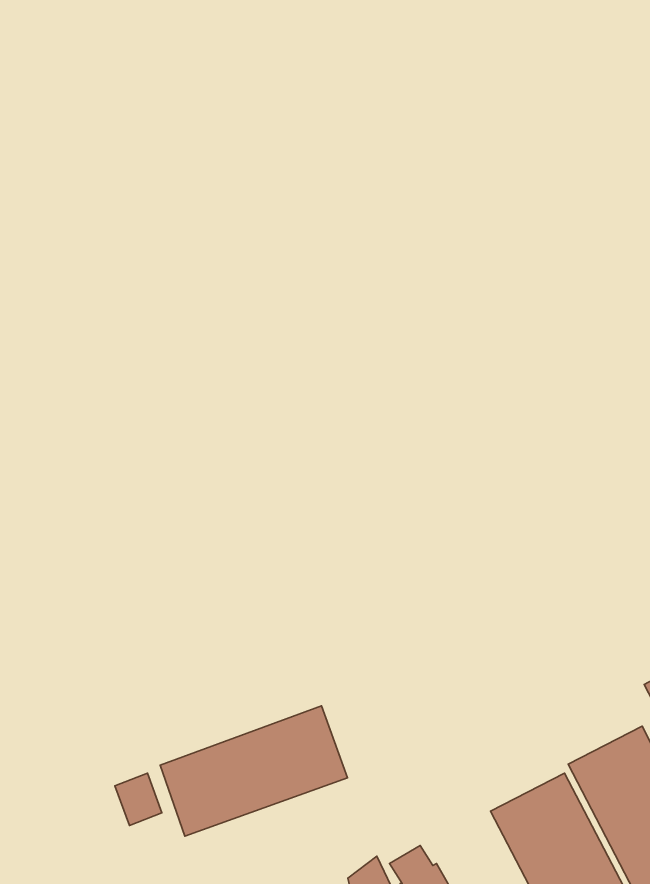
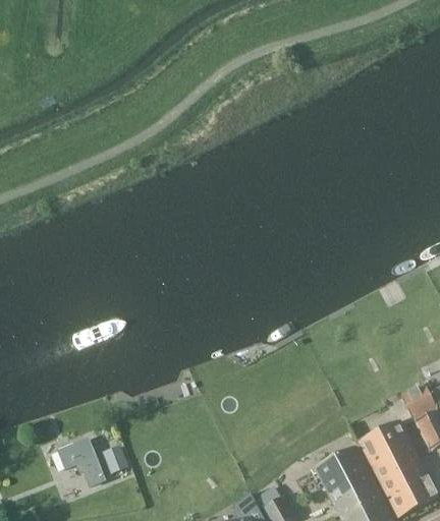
building: [160,706,348,836] -> none
building: none -> [59,439,105,485]

